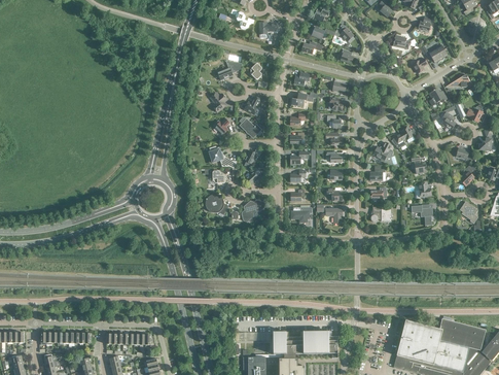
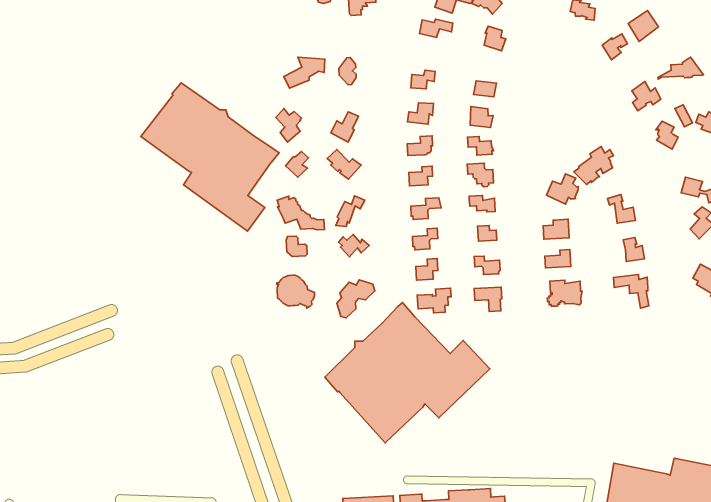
building: none -> [141,83,279,231]
building: none -> [325,302,490,443]

